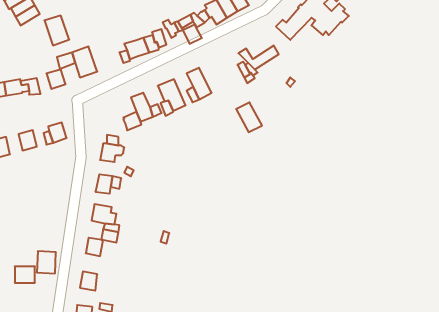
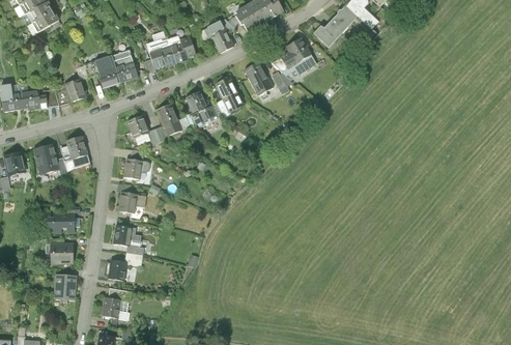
building: [44,16,69,45] -> [111,50,138,82]
building: none -> [281,37,311,68]
building: none -> [126,115,150,144]
building: [236,102,262,132] -> [245,62,273,94]
building: none -> [48,212,75,232]
building: [15,266,35,283] -> [52,245,74,262]

